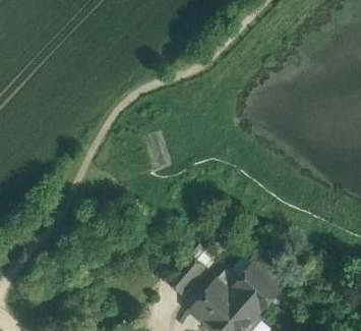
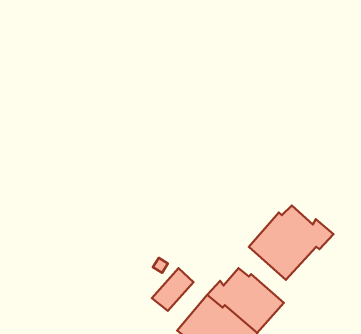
building: none -> [249,205,333,280]

